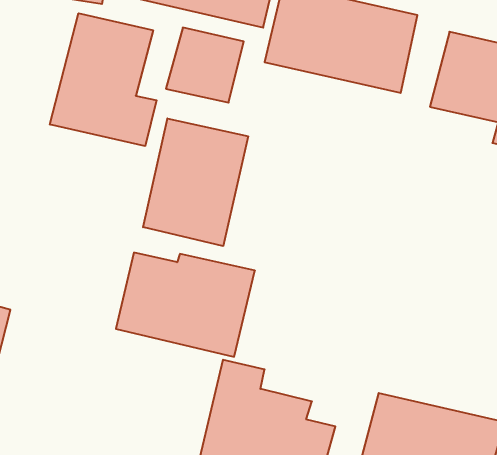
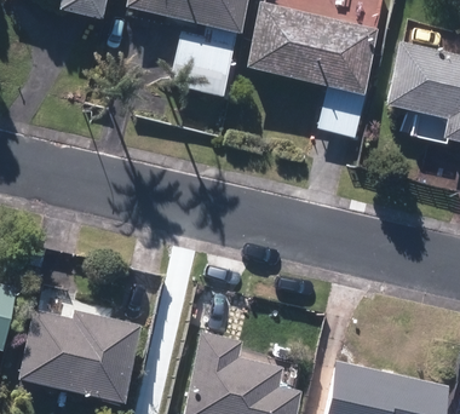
building: [50,13,157,146] -> none
building: [143,118,248,246] -> none
building: [116,253,255,357] -> [23,306,144,397]

